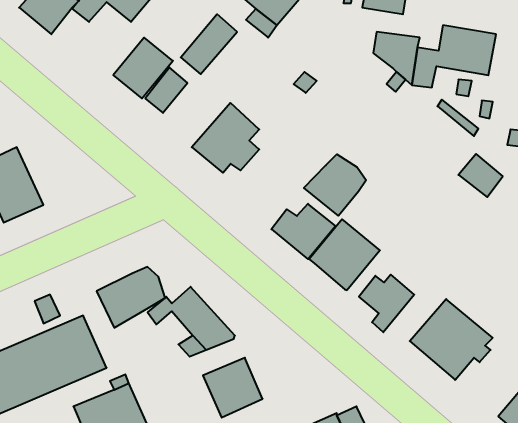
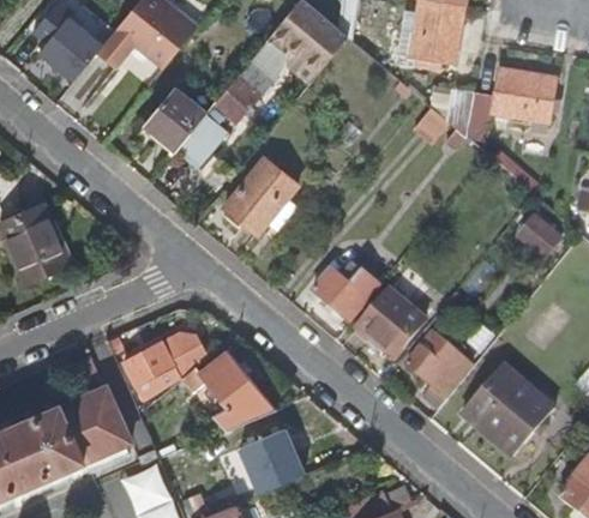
building: [304,154,366,216] -> none

